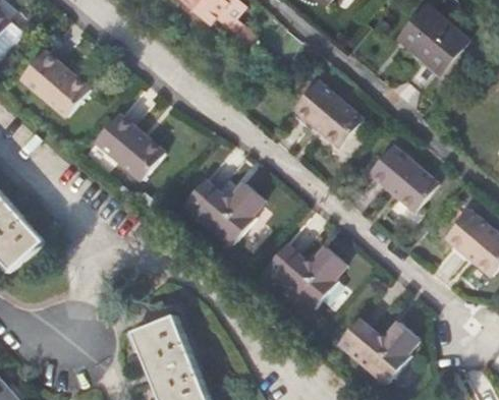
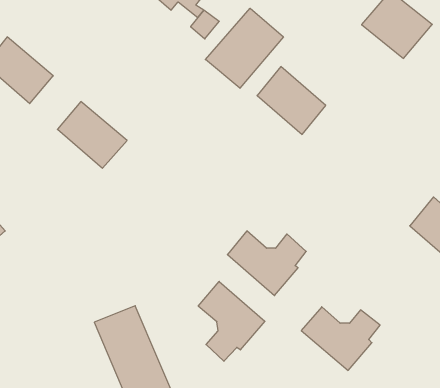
building: none -> [205,8,283,88]
building: [370,146,437,212] -> none
building: [183,178,263,242] -> none
building: none -> [198,281,265,361]

